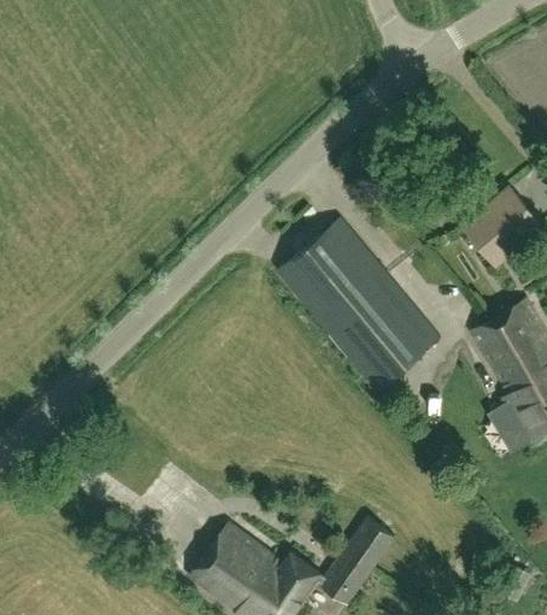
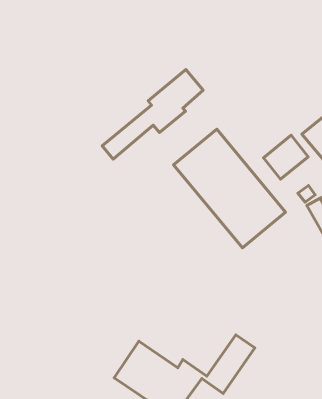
building: none -> [102,69,203,159]
building: none -> [264,135,308,179]

